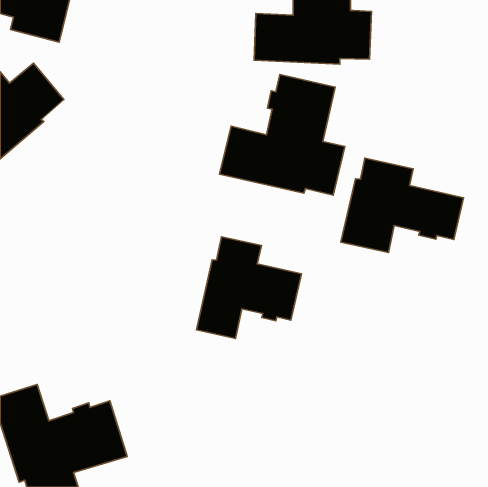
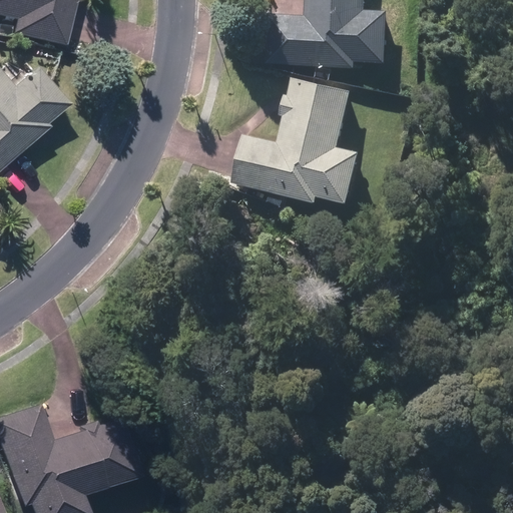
building: [341,158,463,252] -> none
building: [196,237,302,338] -> none

